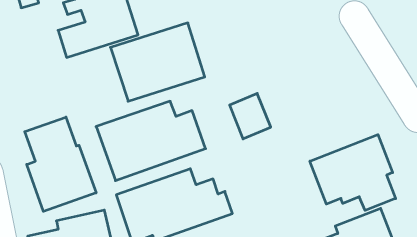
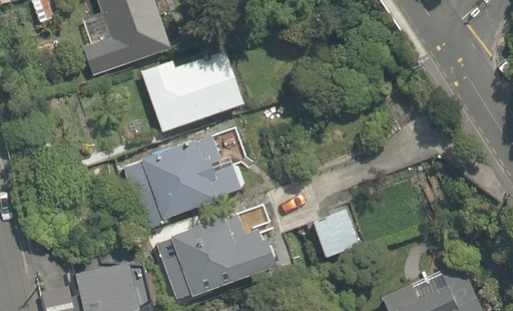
building: [230,93,271,139] -> [312,204,361,258]
building: [25,117,96,211] -> none
building: [310,135,396,210] -> none

